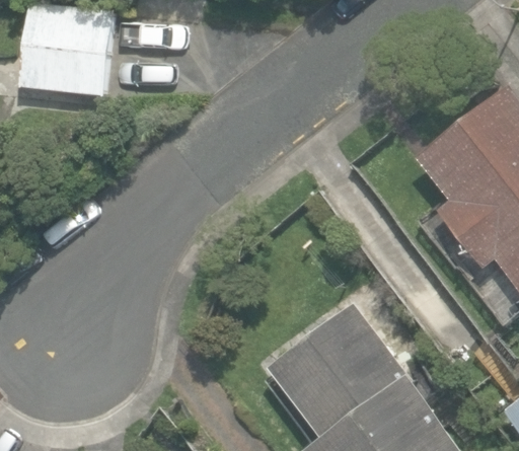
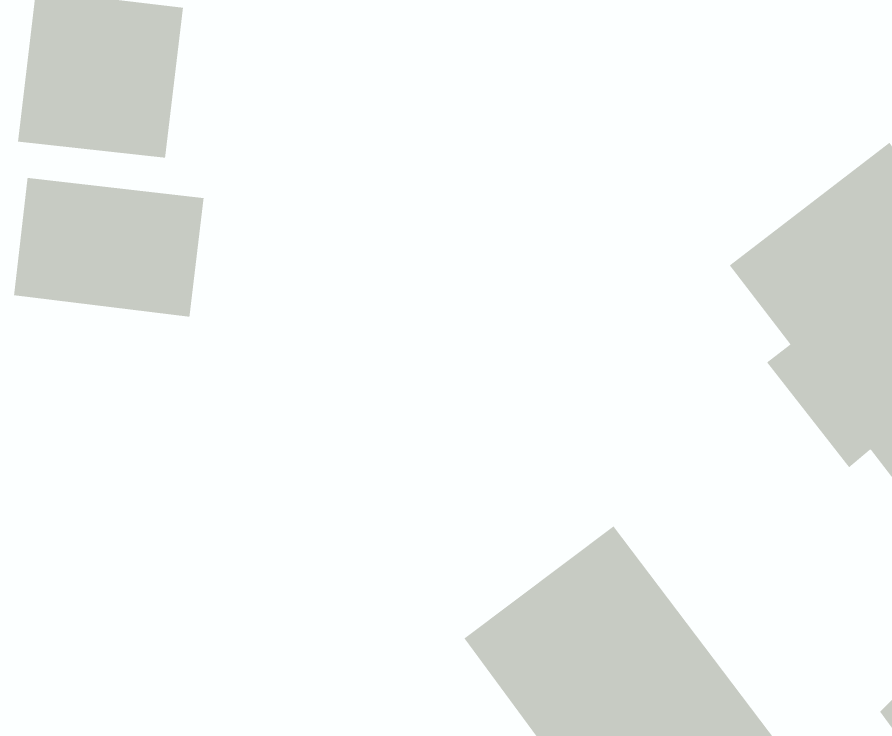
building: none -> [14,177,204,318]

